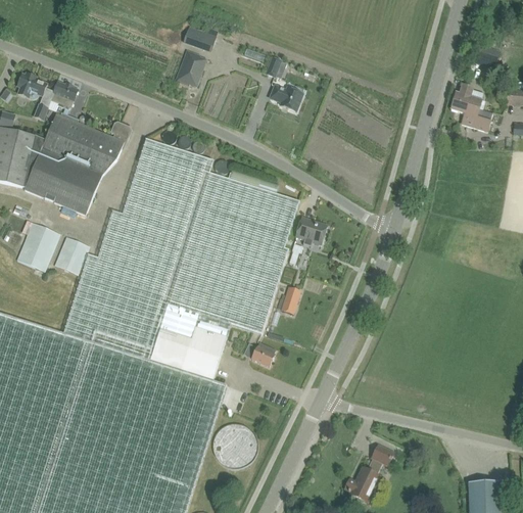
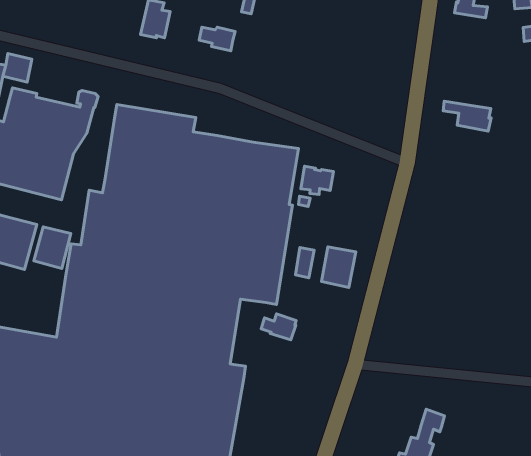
building: [270,86,302,110] -> [199,27,235,51]
building: [450,101,492,133] -> [443,101,491,131]
building: none -> [321,247,356,288]

